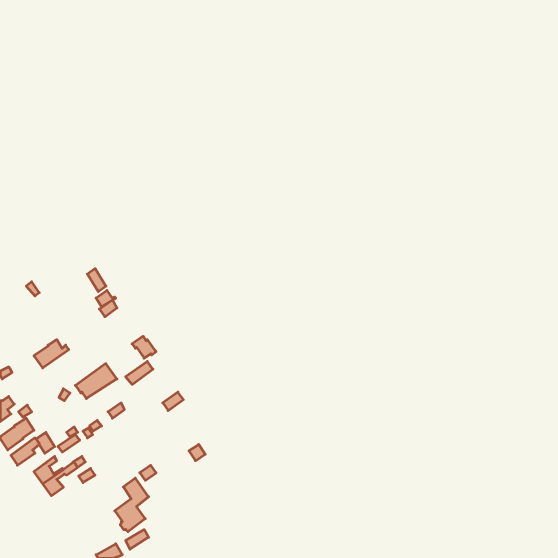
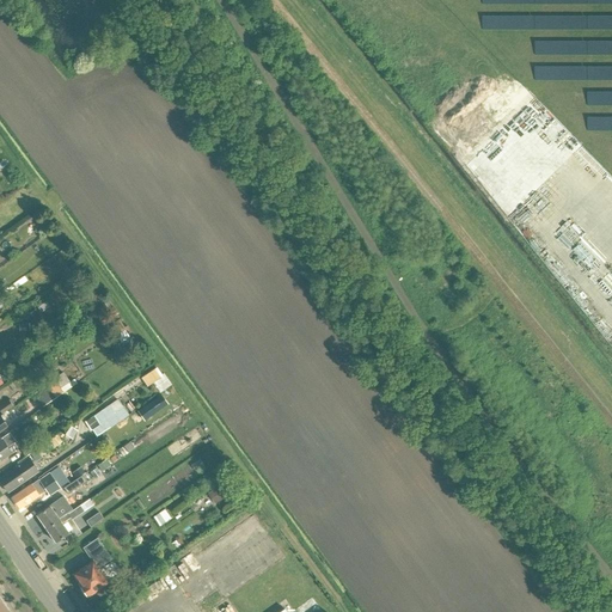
building: [115,478,149,532] -> [74,539,111,598]

